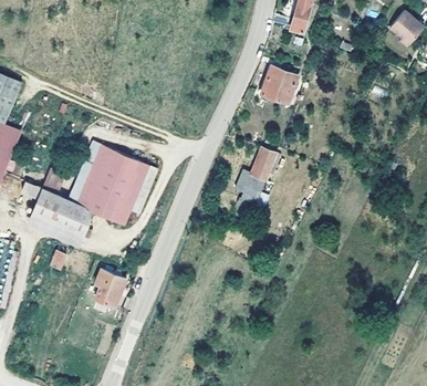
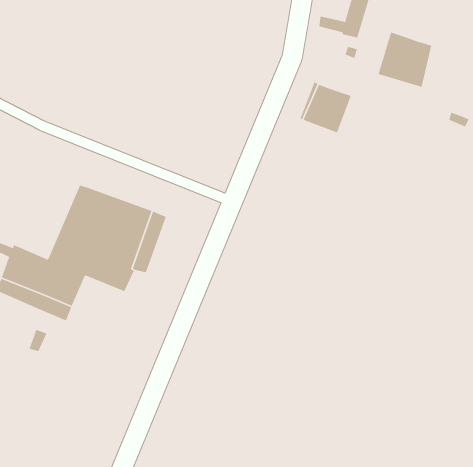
building: none -> [378,31,432,88]
building: [236,146,277,202] -> none
building: [95,267,131,303] -> none

